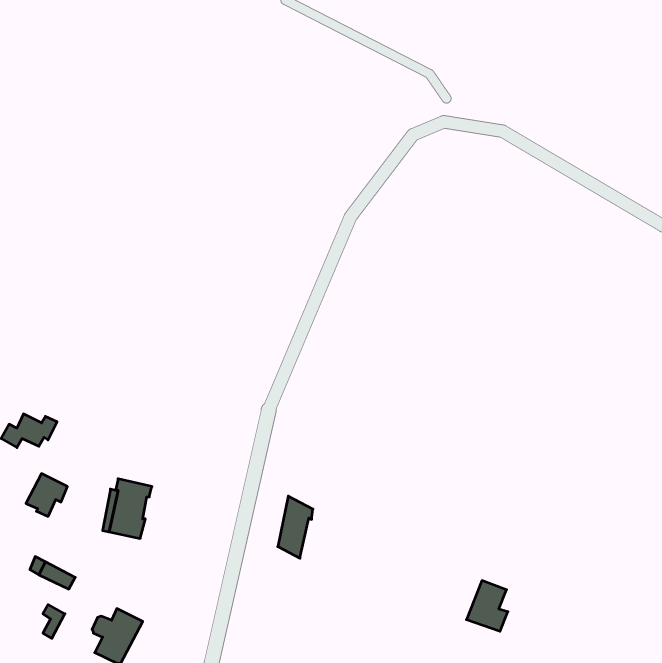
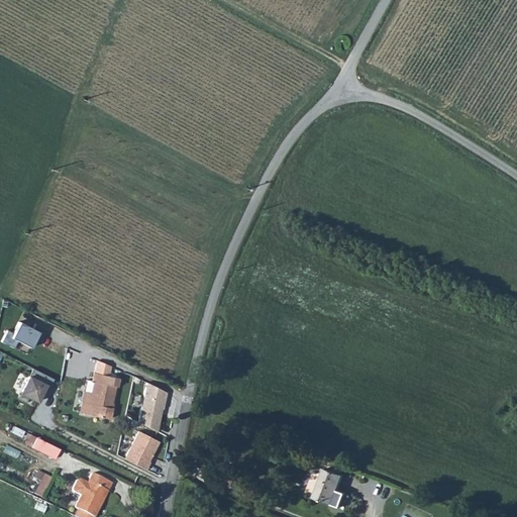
building: [278,496,313,558] -> [139,383,167,431]
building: none -> [125,431,160,470]
building: [466,581,508,631] -> [313,469,345,508]

